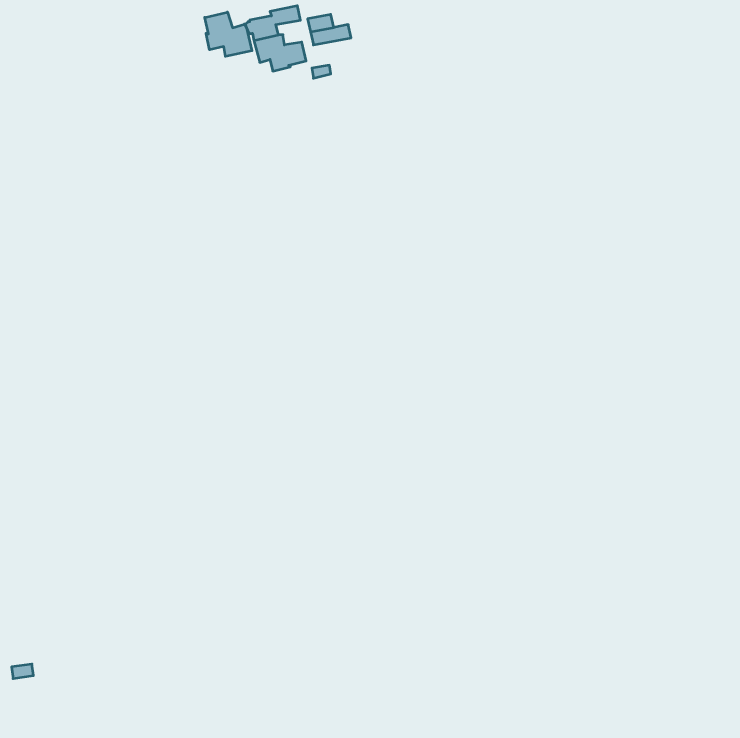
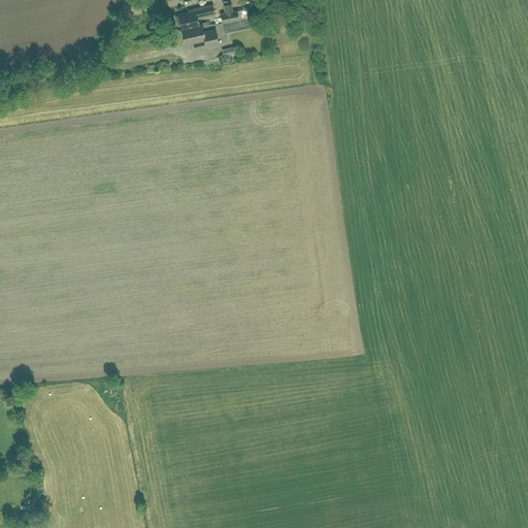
building: [205,12,252,56] -> none

